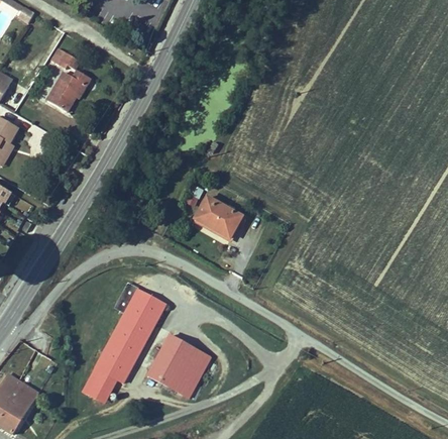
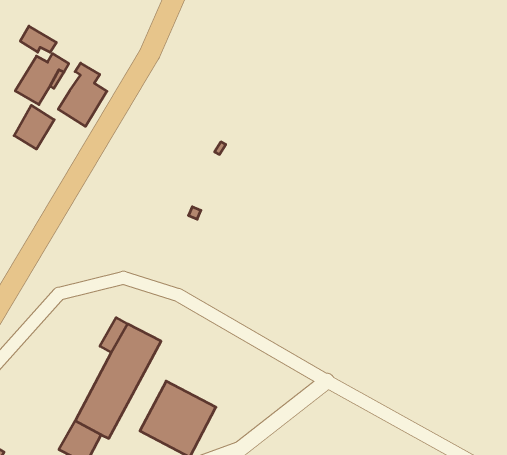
building: none -> [58,63,107,126]
building: none -> [14,105,54,149]
building: [195,197,242,238] -> none

